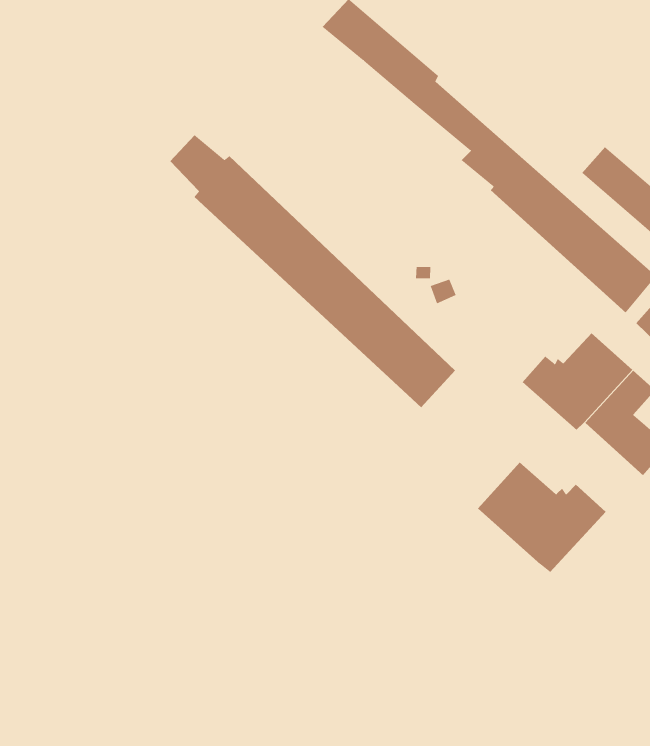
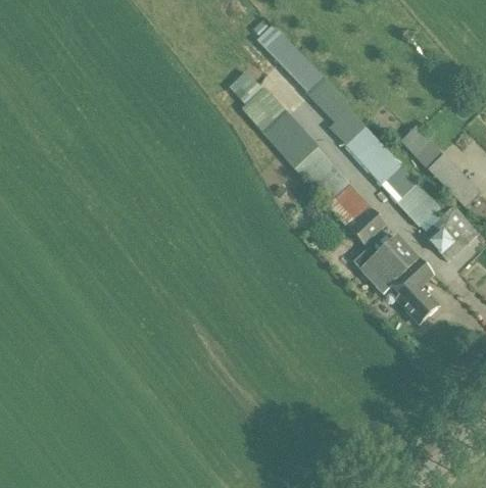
building: [169,135,456,408] -> [229,69,386,244]
building: [477,461,606,573] -> none

